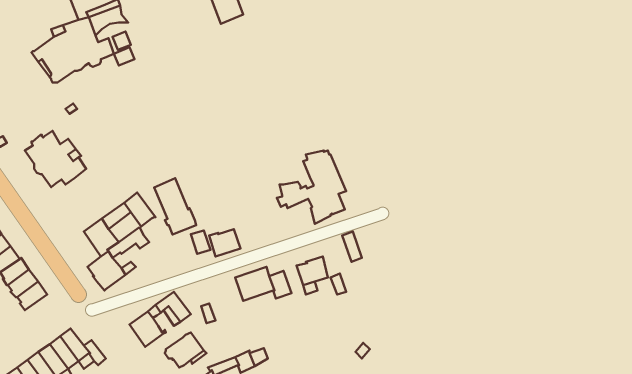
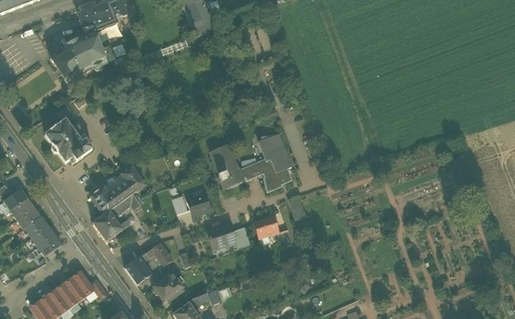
building: [154,178,196,234] -> [210,144,242,187]

